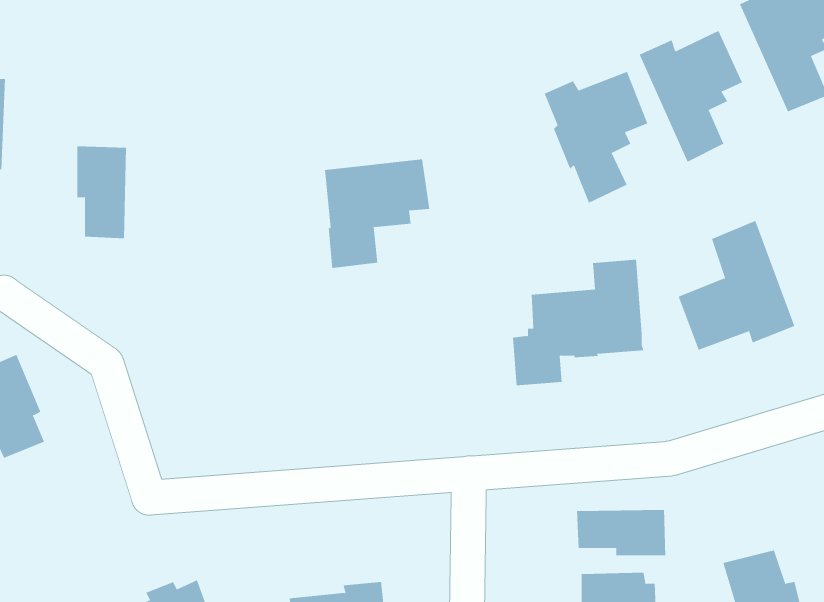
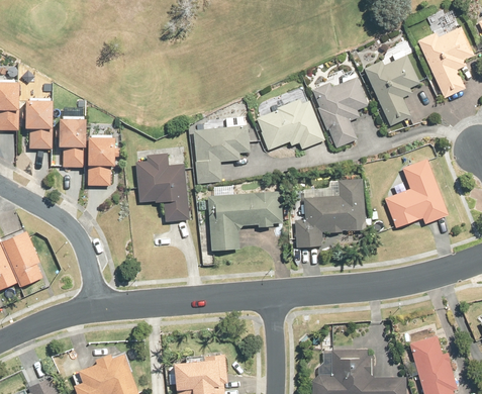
building: none -> [257,98,325,151]
building: none -> [25,99,53,149]
building: none -> [88,136,118,186]
building: none -> [135,154,189,222]
building: none -> [208,190,284,250]
building: [577,509,666,556] -> none

